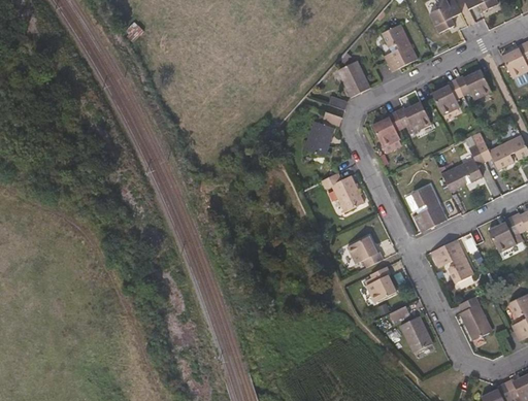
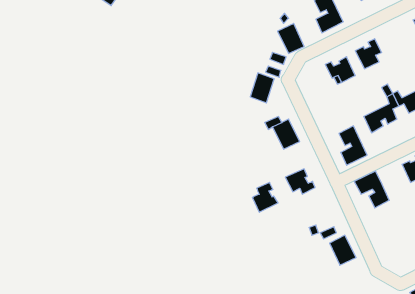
building: [455,70,491,100] -> none
building: [372,110,403,147] -> none
building: [365,266,396,302] -> [252,182,278,212]
building: [461,295,492,338] -> none

